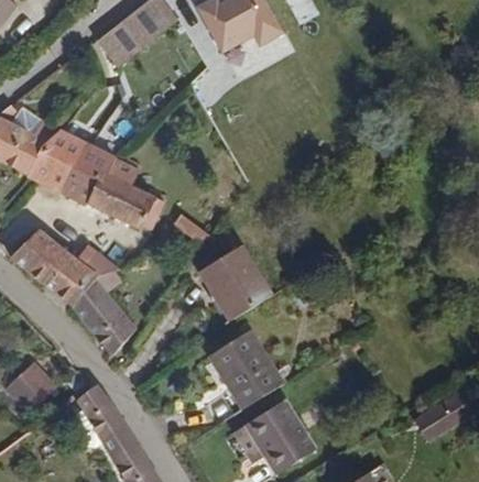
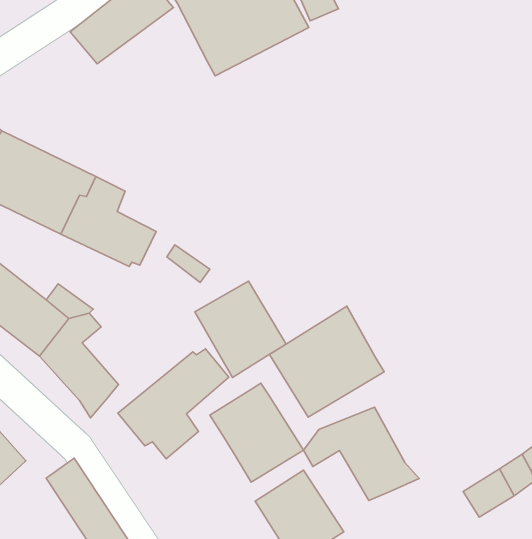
building: none -> [269,306,384,417]
building: none -> [118,349,229,459]
building: none -> [304,407,419,500]

